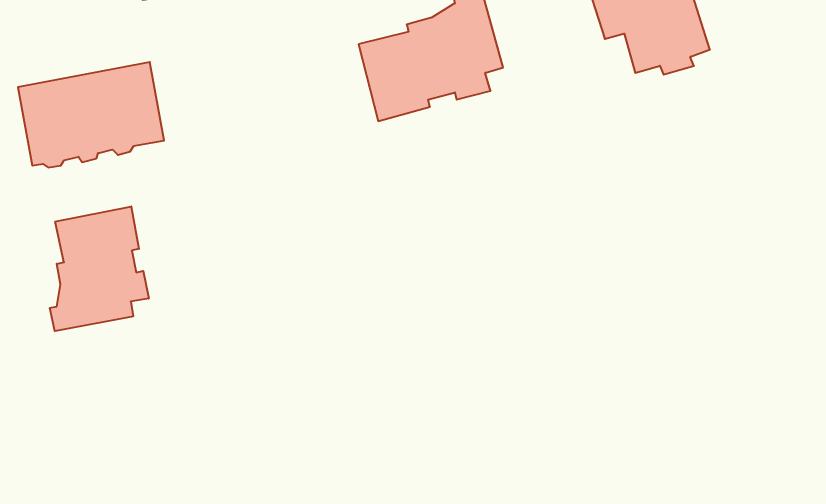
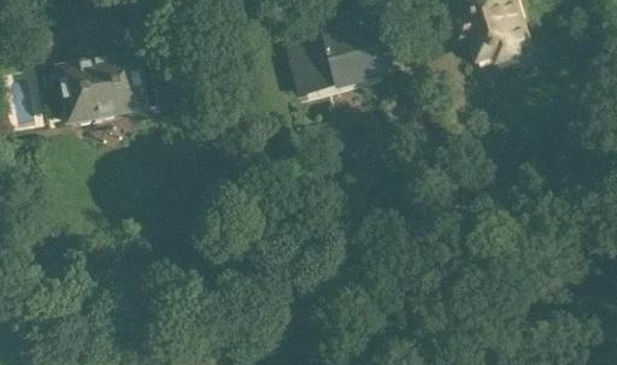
building: [50,206,149,331] -> none

